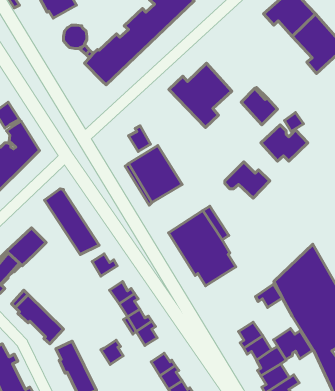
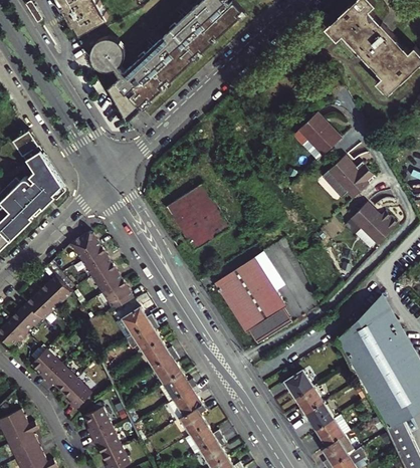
building: [169,63,232,127] -> none
building: none -> [110,85,141,125]
building: [129,126,150,151] -> none
building: [225,162,270,198] -> [344,202,396,244]
building: none -> [135,320,160,348]
building: [255,284,282,308] -> [280,370,311,397]
building: [273,328,313,360] -> none
building: [101,340,123,365] -> [182,404,208,432]

